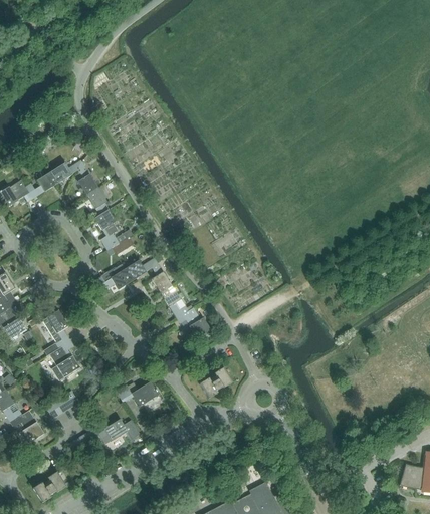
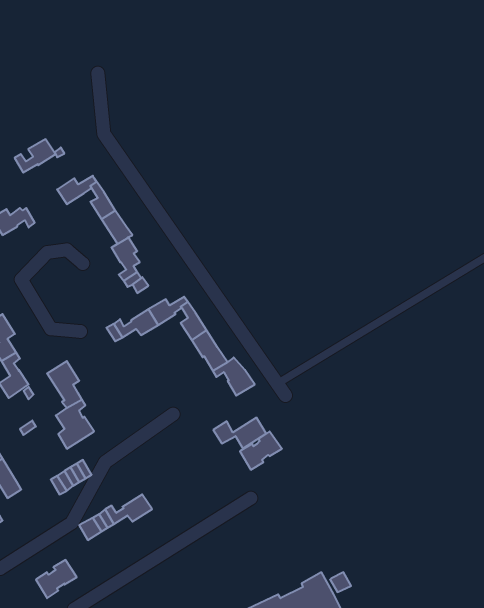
building: [25,171,58,198] -> [15,139,55,173]
building: [116,381,159,407] -> [213,418,266,448]
building: [10,410,44,443] -> none

